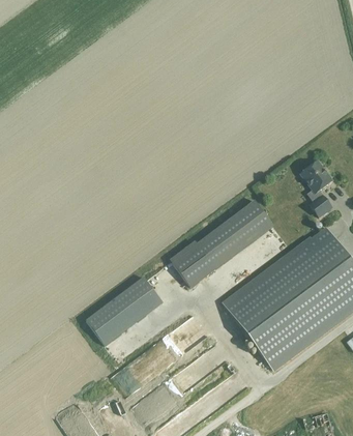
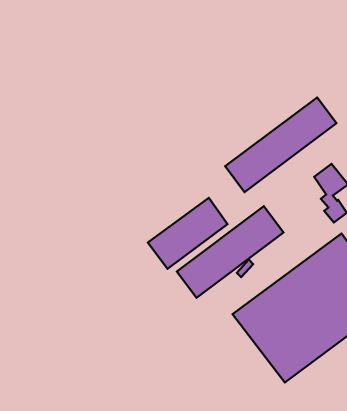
building: none -> [225,97,337,192]
building: [85,278,160,345] -> [148,198,227,269]

